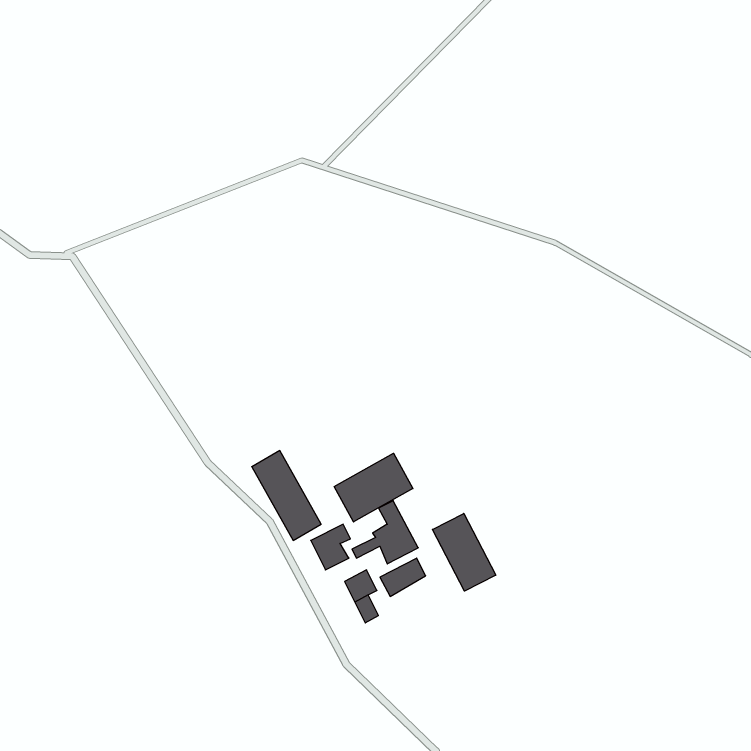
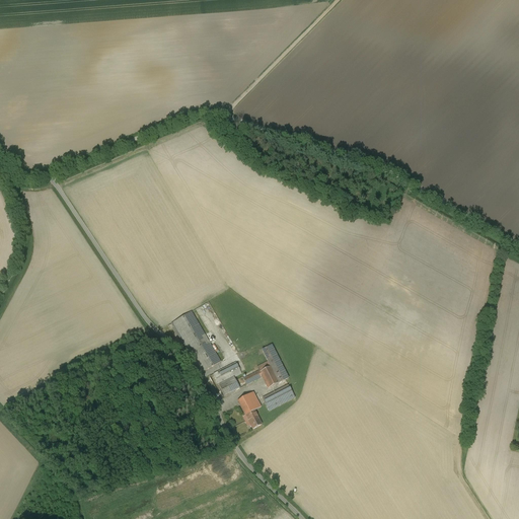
building: [334,453,413,522] -> none
building: [432,513,496,591] -> none

